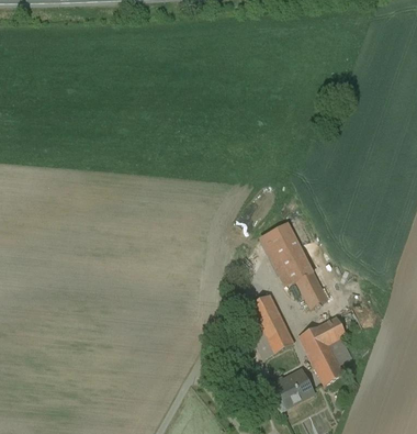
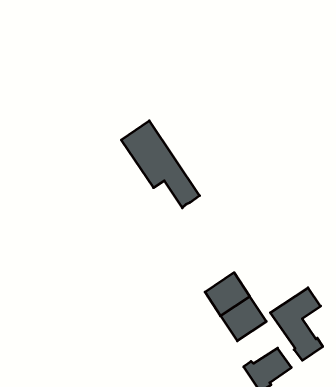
building: [260,223,328,309] -> [121,121,200,208]

